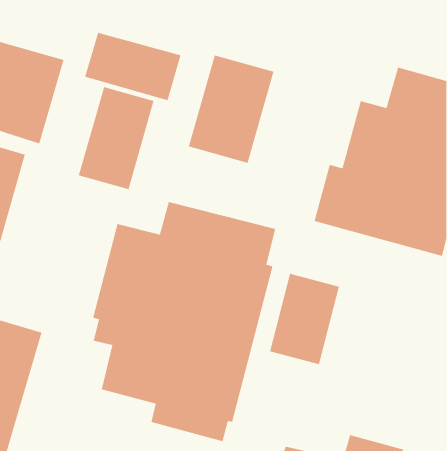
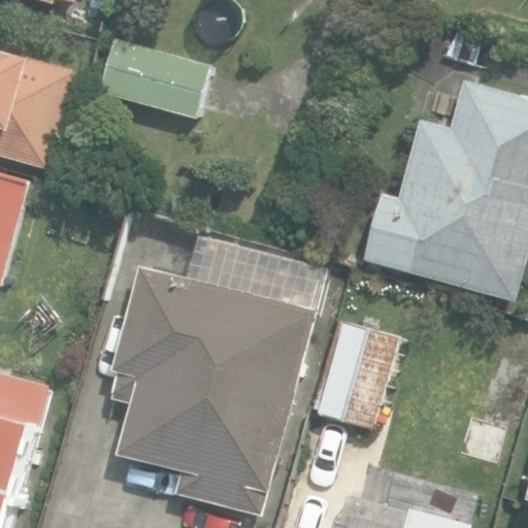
building: [188,54,275,164] -> none
building: [78,86,155,190] -> none

